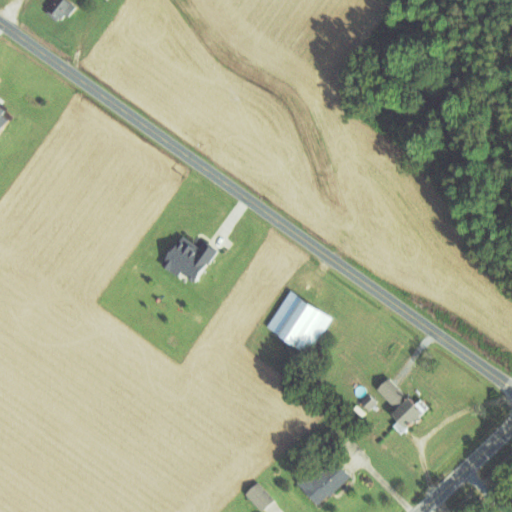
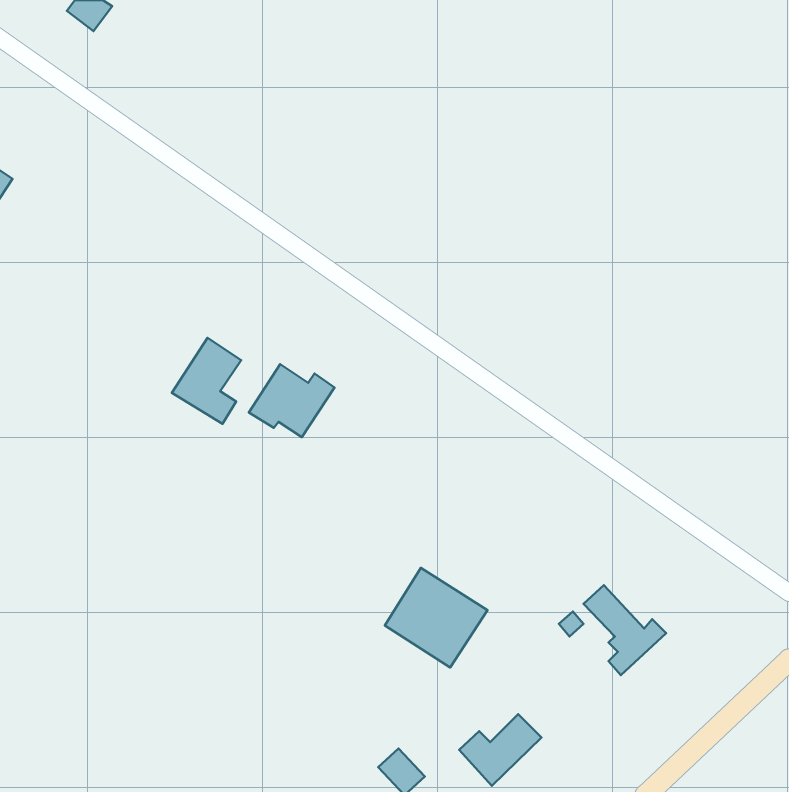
building: none -> [172,338,241,424]
building: [265,291,331,355] -> [385,568,488,668]

